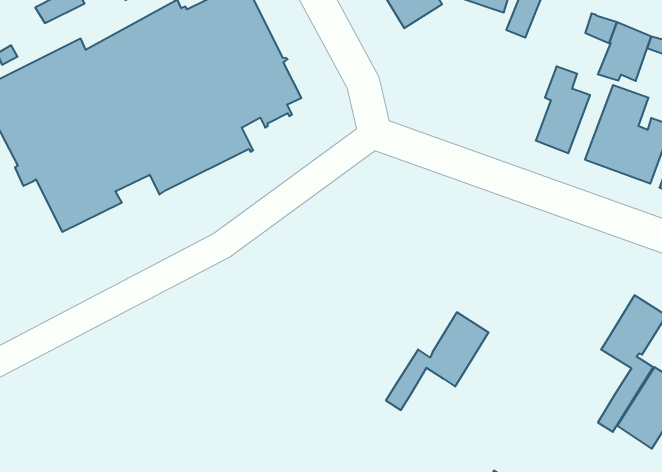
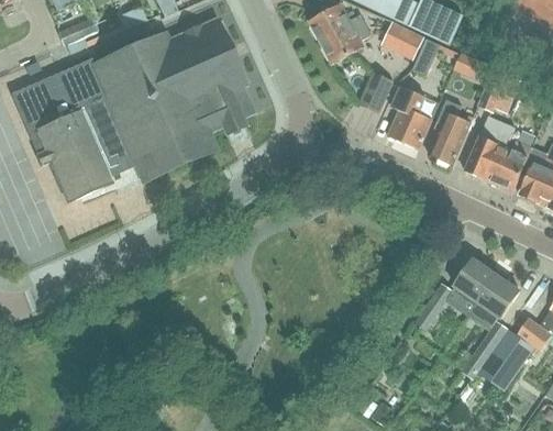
building: none -> [360,70,394,112]
building: none -> [389,85,432,148]
building: [386,312,489,410] -> [417,257,497,329]

